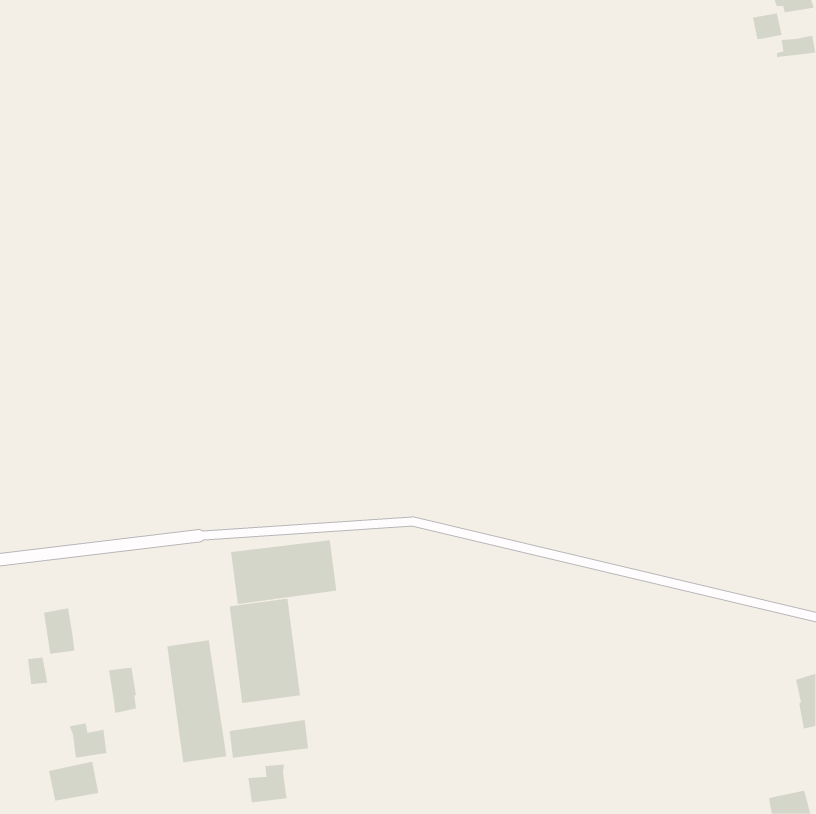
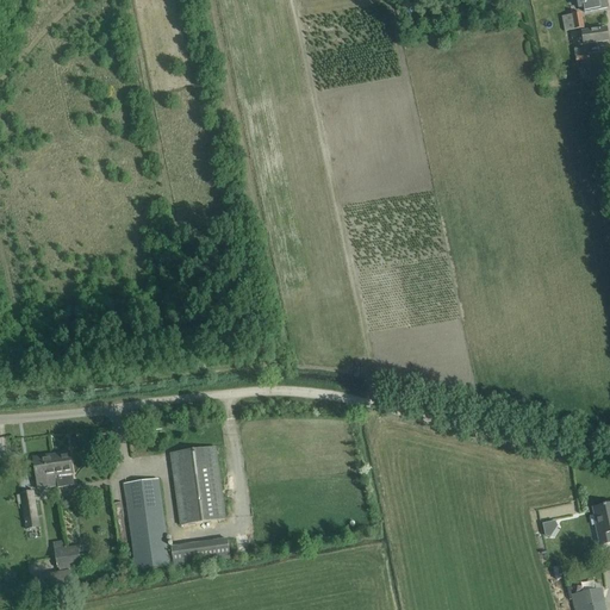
building: [231,540,337,605] -> none
building: [108,667,137,713] -> [51,450,73,485]
building: [248,764,287,803] -> none

